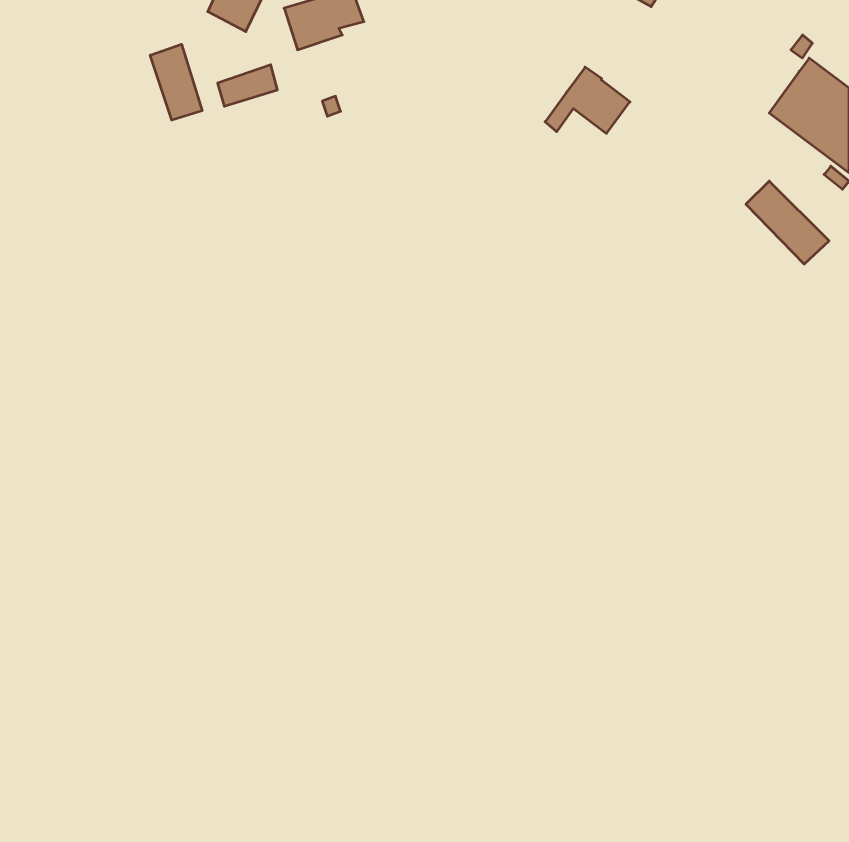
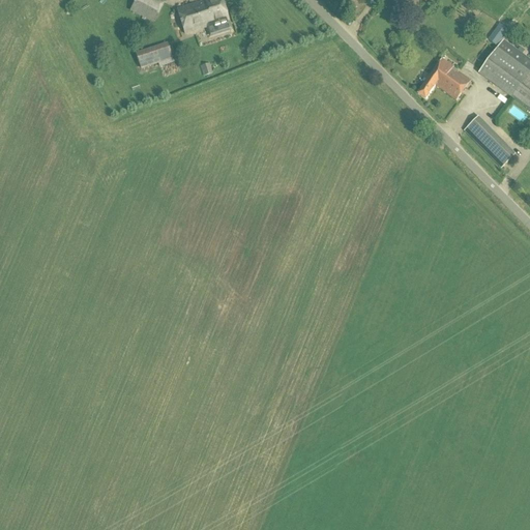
building: [150,44,202,120] -> none
building: [545,67,630,133] -> [418,56,471,97]

